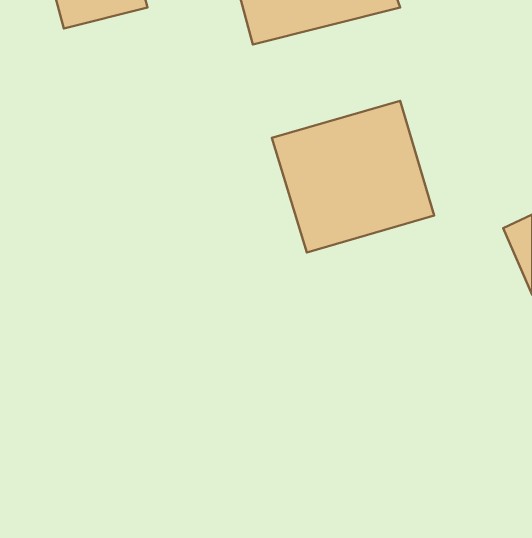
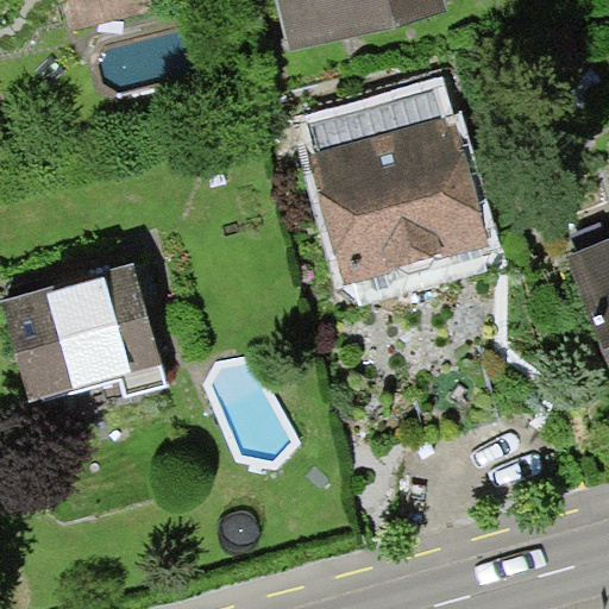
building: none -> [7,260,177,393]

